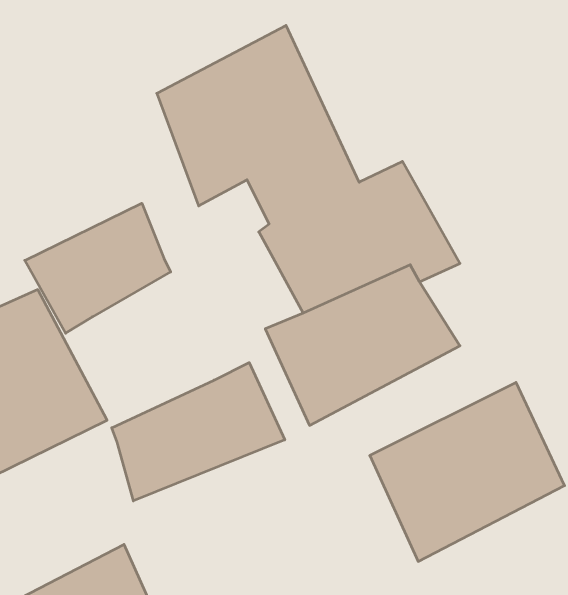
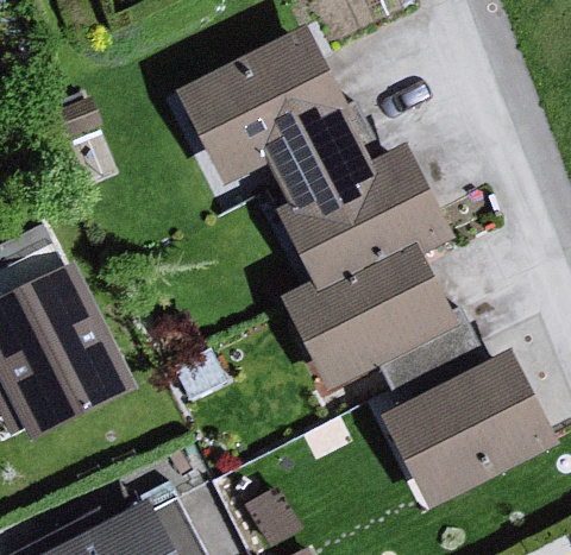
building: [25,203,171,333] -> none
building: [112,363,285,501] -> none

